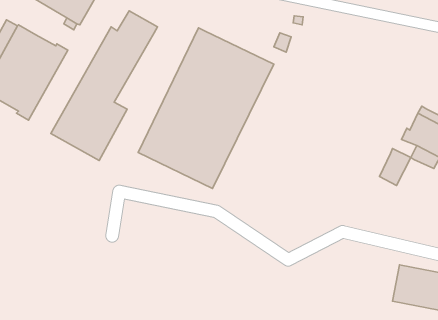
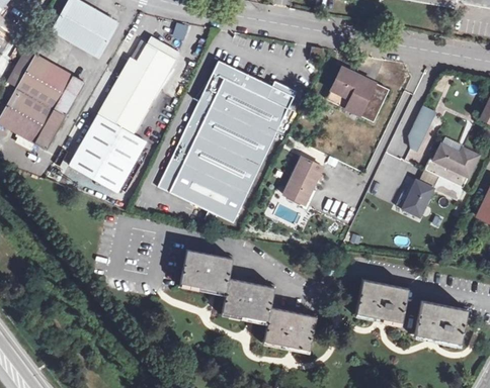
building: none -> [325,68,388,122]
building: none -> [407,108,434,153]
building: none -> [280,157,321,205]
building: none -> [180,247,316,346]
building: none -> [354,278,407,322]

